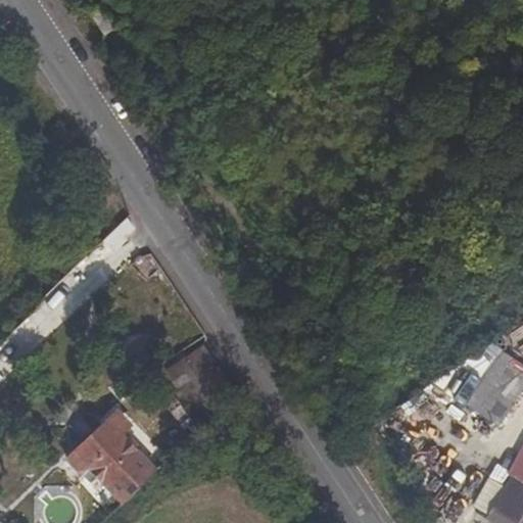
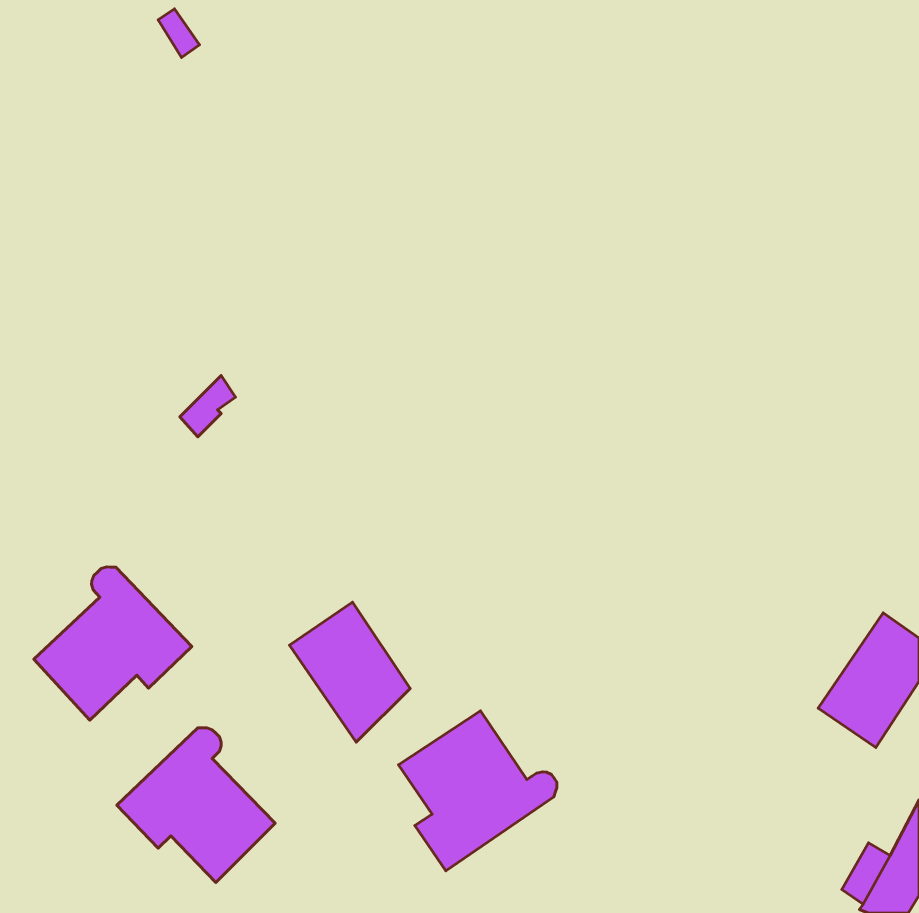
building: none -> [34,567,192,720]
building: none -> [399,711,557,871]

